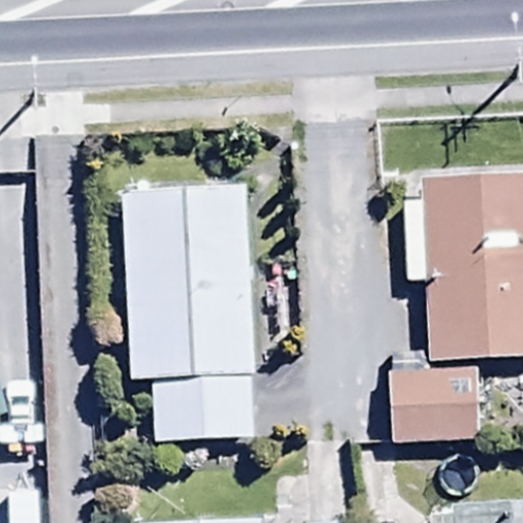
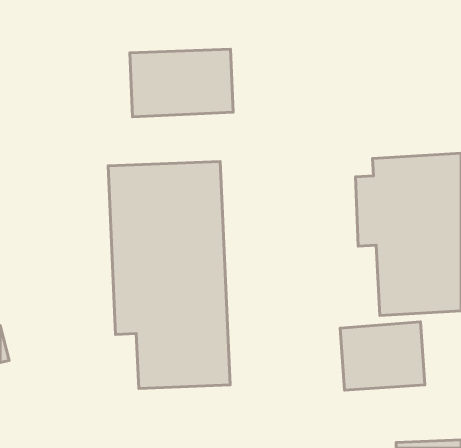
building: none -> [130,49,233,117]

